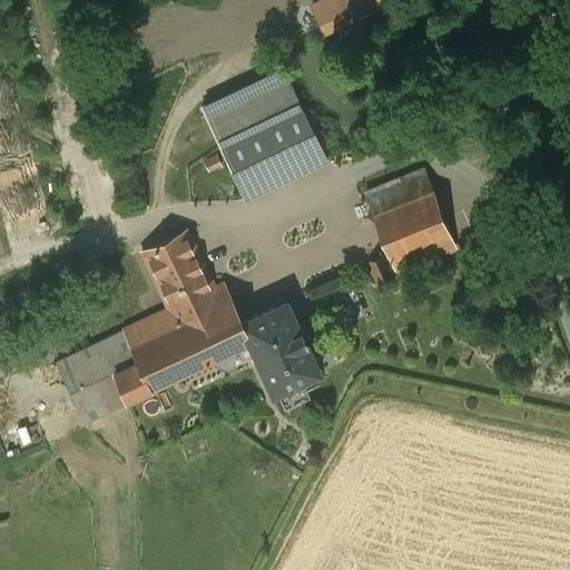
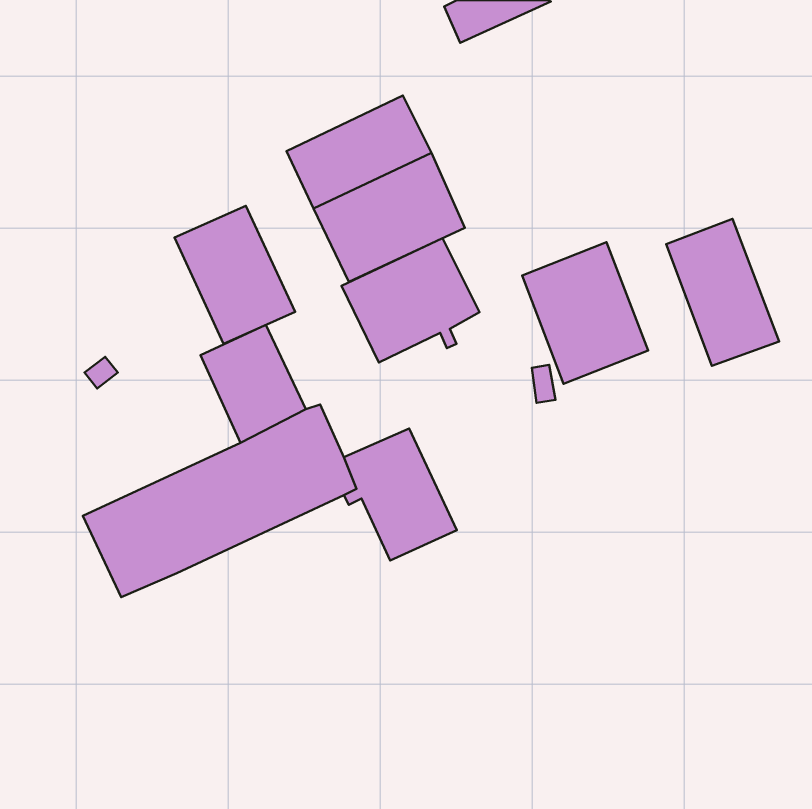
building: none -> [174,206,295,344]
building: none -> [666,219,779,366]
building: none -> [342,238,480,362]

